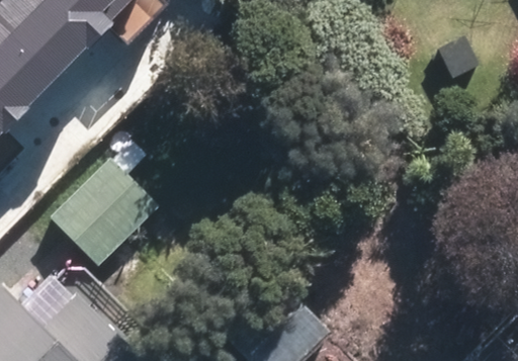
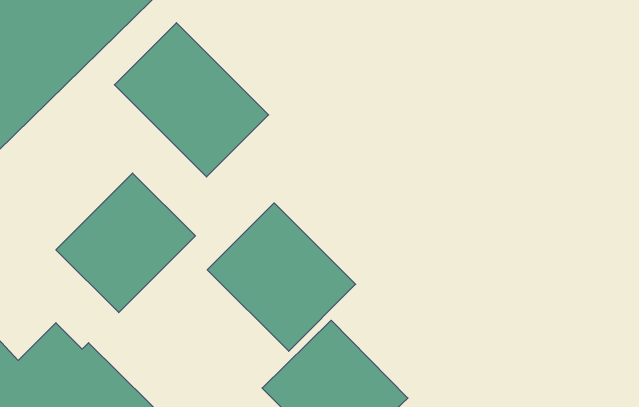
building: none -> [114,23,269,177]
building: none -> [207,203,356,351]

